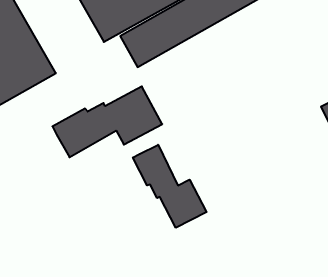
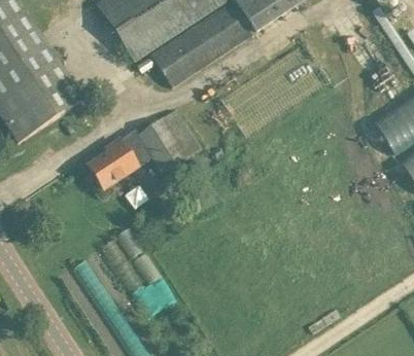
building: [133,145,207,228] -> none

